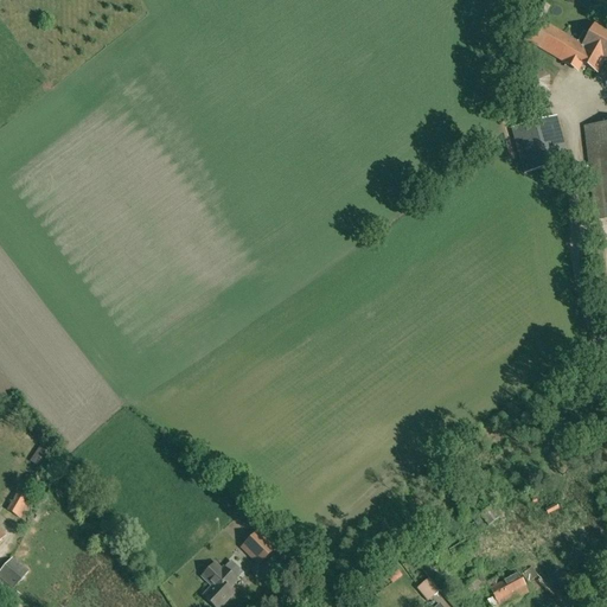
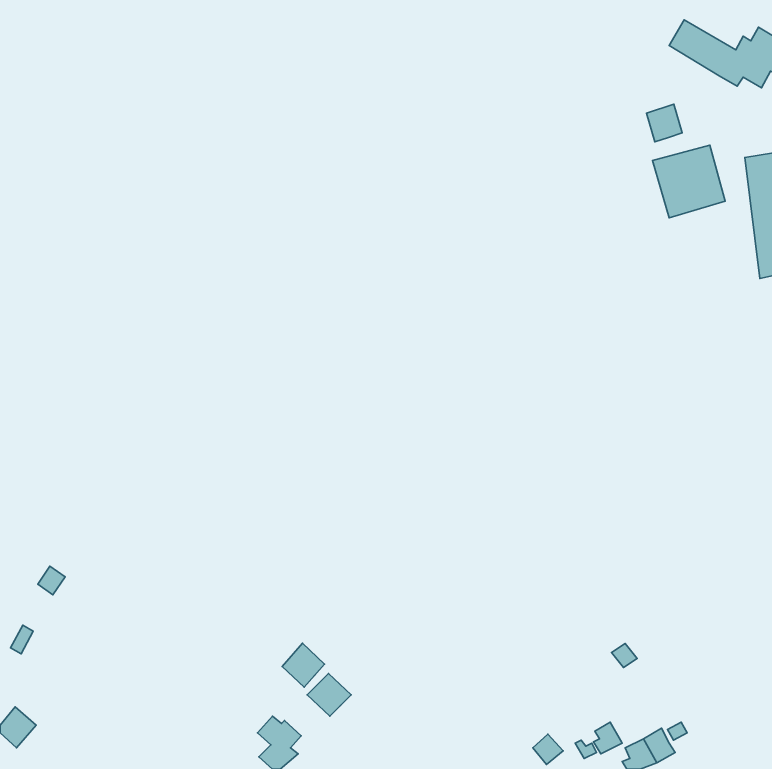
building: none -> [647,104,682,142]
building: none -> [282,643,325,687]

